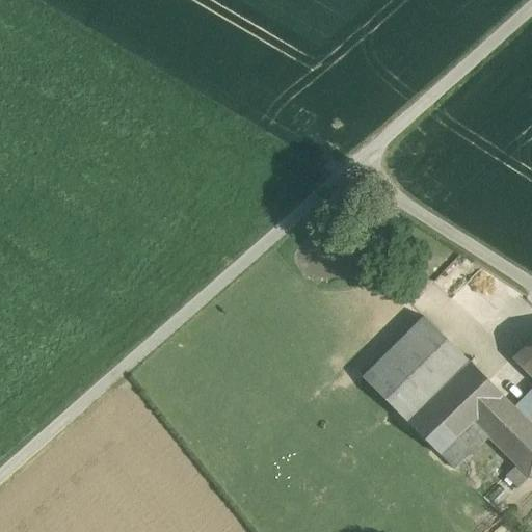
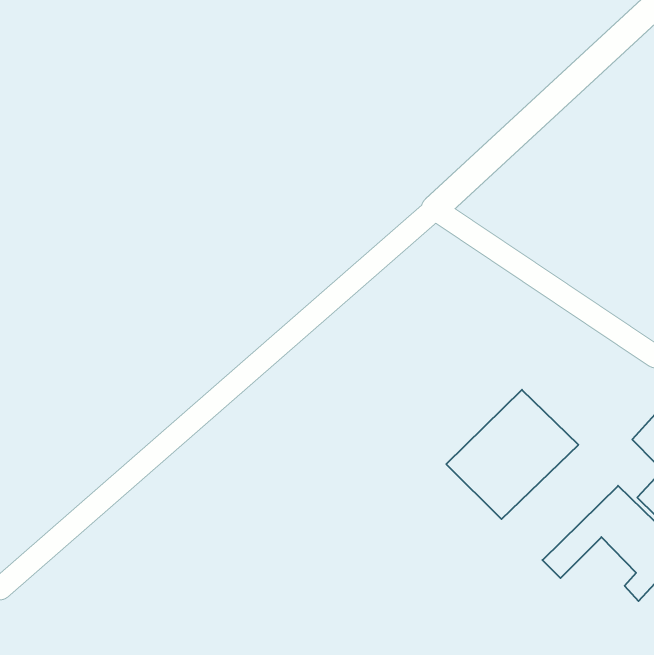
building: [407,361,503,454] -> none

